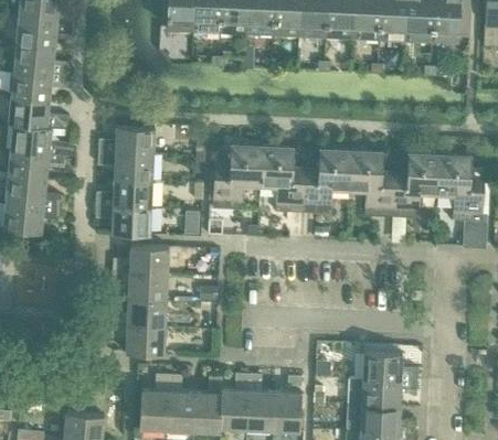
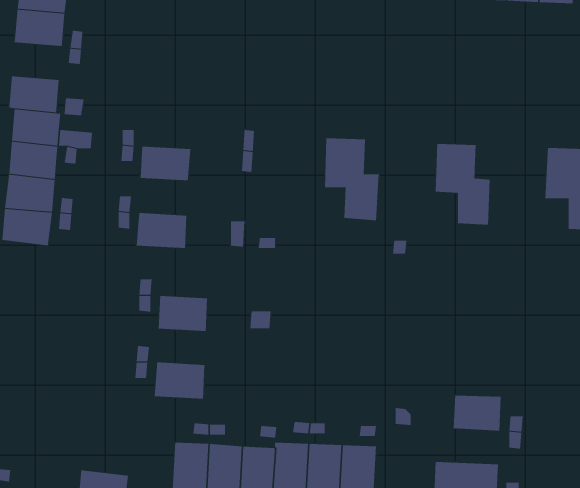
building: [11,71,52,100] -> none
building: [115,126,156,155] -> none
building: [214,146,262,211] -> none
building: [303,149,350,213] -> none
building: [392,153,438,217] -> none
building: [113,179,152,208] -> none
building: [129,246,169,275] -> none
building: [127,299,167,328] -> none
building: [349,377,401,407] -> none

